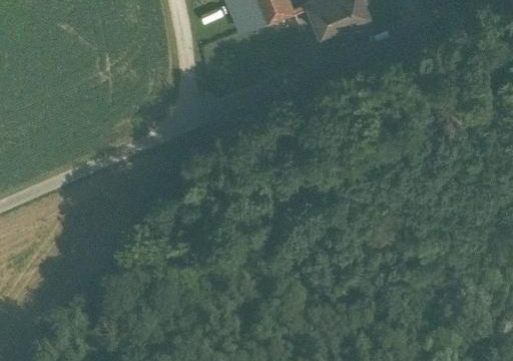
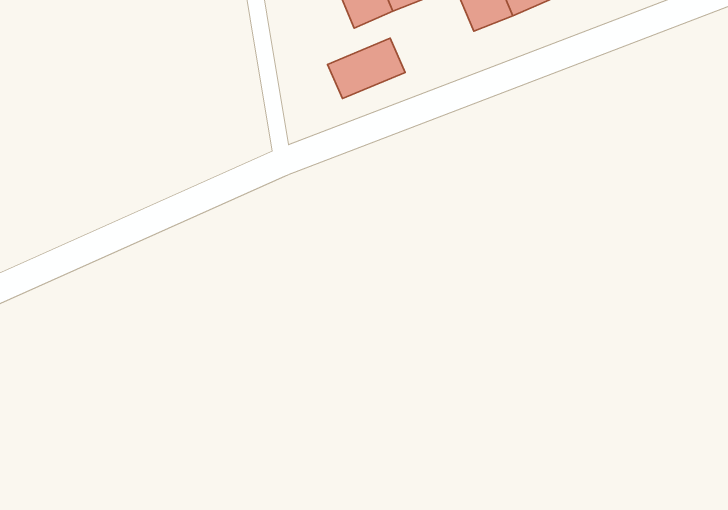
building: none -> [327,38,405,99]

